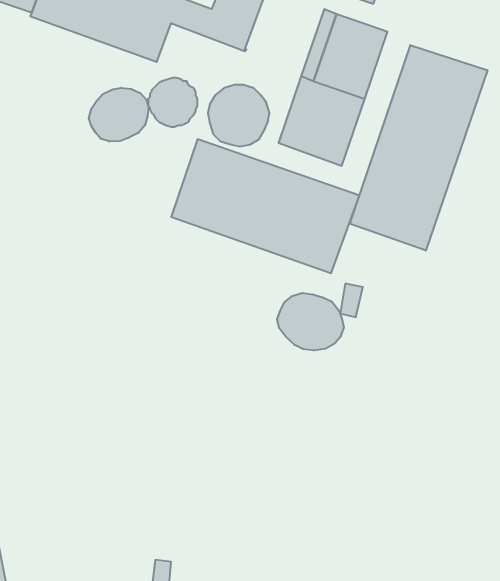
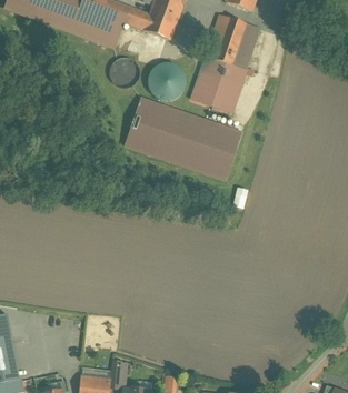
building: [350,45,487,251] -> none
building: [89,88,148,142] -> none
building: [277,293,344,351] -> none

